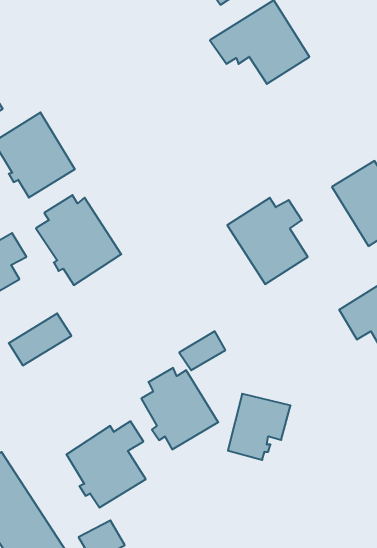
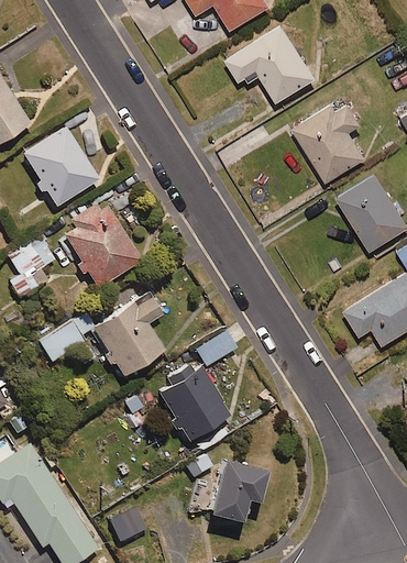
building: [227,198,308,284] -> [293,103,367,184]
building: [228,394,291,460] -> [211,461,270,522]
building: [66,421,146,508] -> [92,297,166,377]

